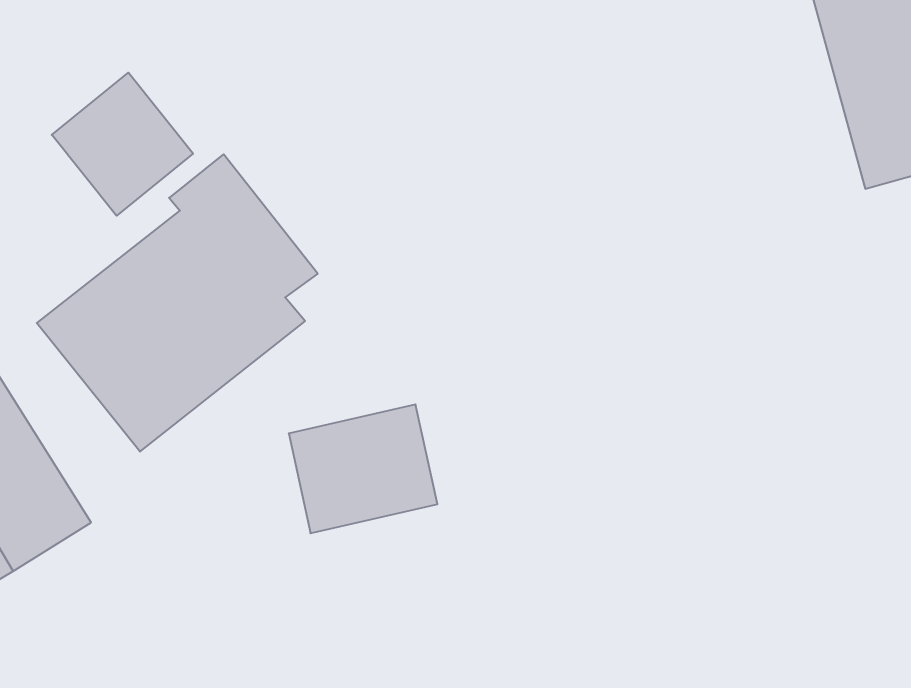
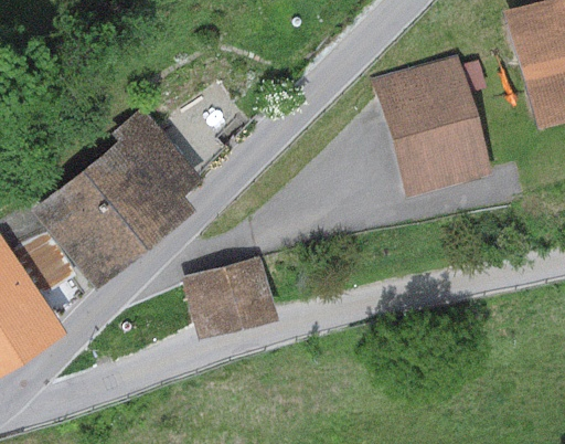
building: [52,73,193,216] -> none
building: none -> [374,57,492,200]

